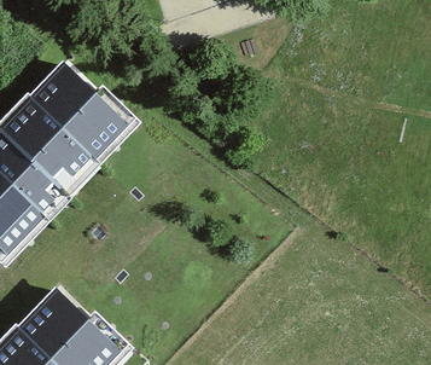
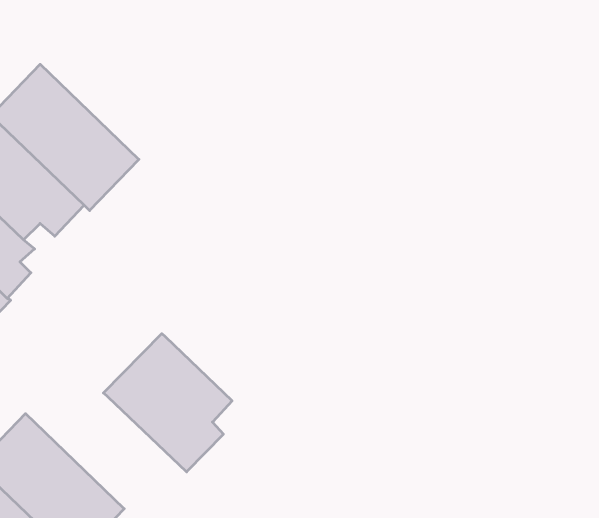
building: none -> [103,334,232,472]

